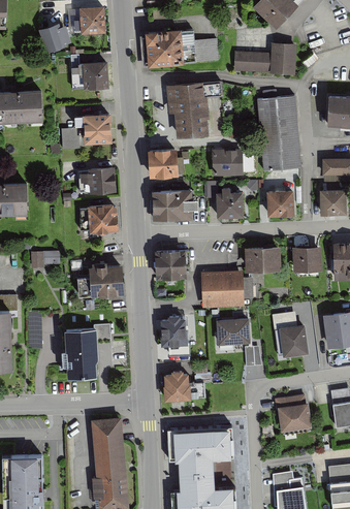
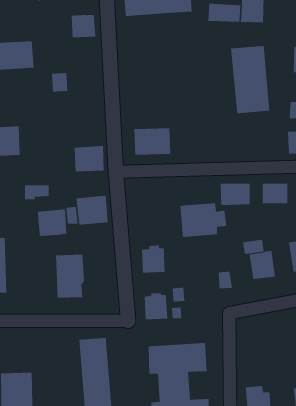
building: [166,84,212,139] -> none
building: [83,112,112,141] -> none
building: [213,151,245,179] -> none
building: [149,152,179,180] -> none
building: [83,171,118,197] -> none
building: [216,186,243,216] -> none
building: [267,193,295,218] -> none
building: [156,251,187,280] -> none
building: none -> [37,209,67,237]
building: [216,317,250,344] -> none
building: [279,394,310,433] -> none

